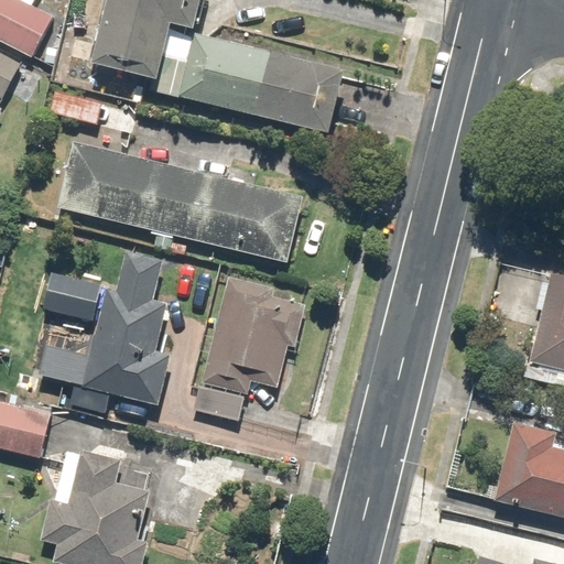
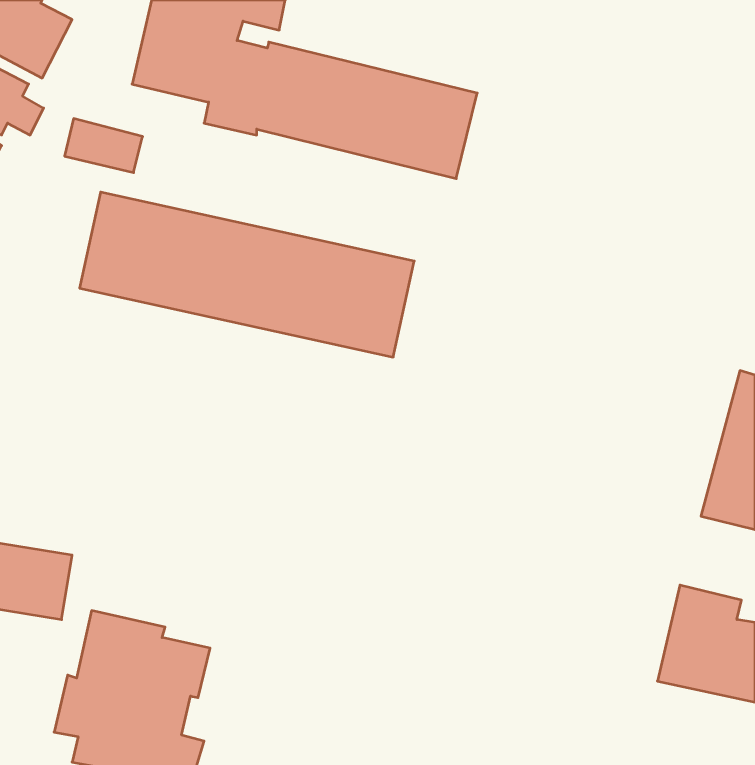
building: [41,251,173,404] -> none
building: [196,282,308,421] -> none

